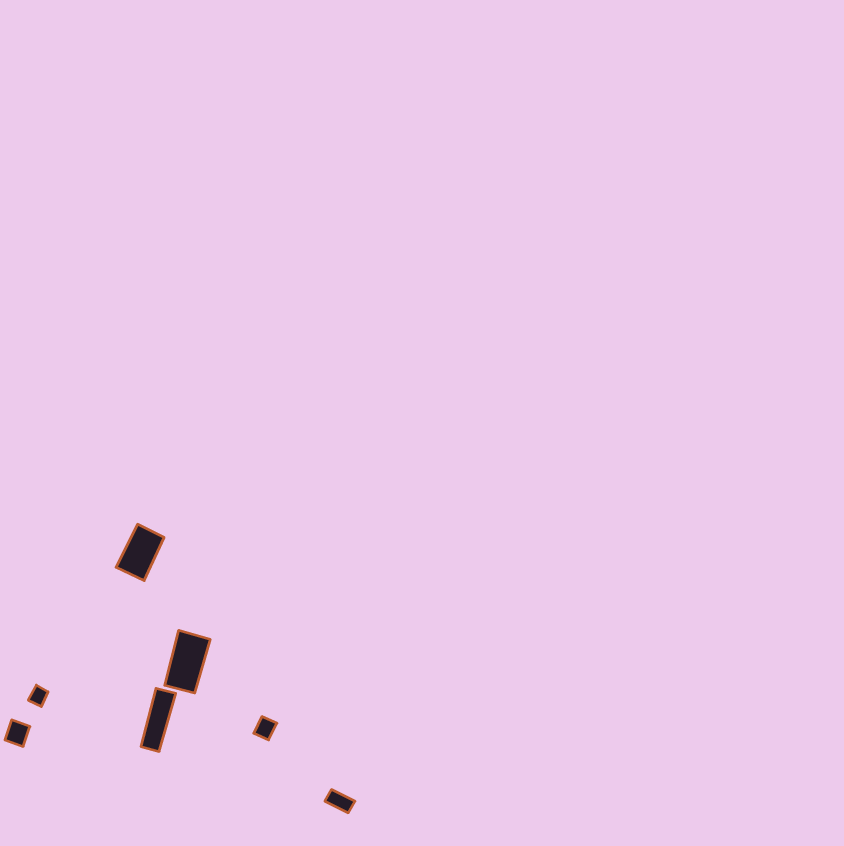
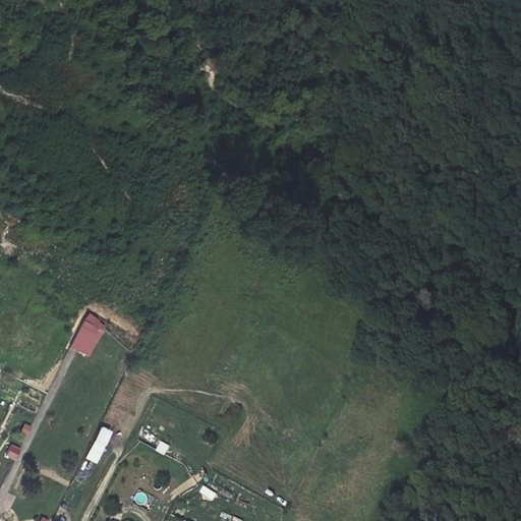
building: [165,630,210,693] -> none

